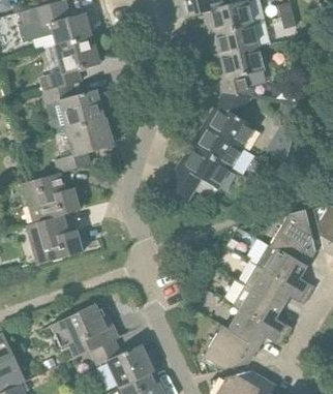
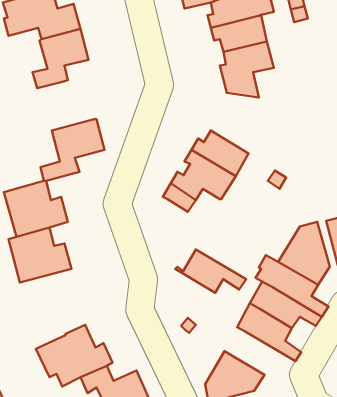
building: [41,84,103,132] -> none
building: [209,93,256,148] -> none
building: [221,309,285,348] -> [175,250,246,293]

